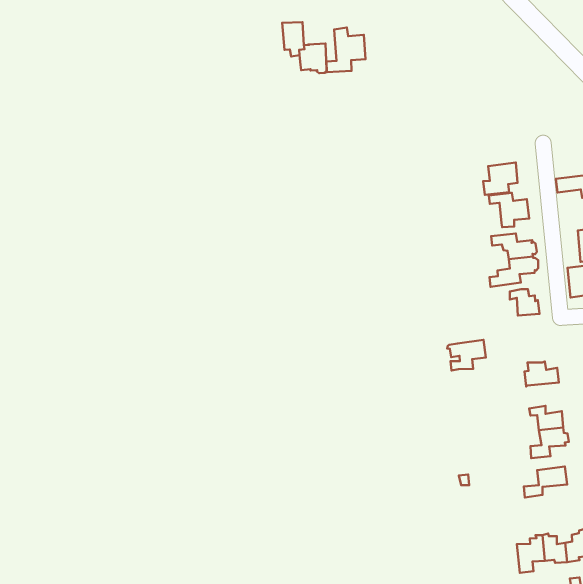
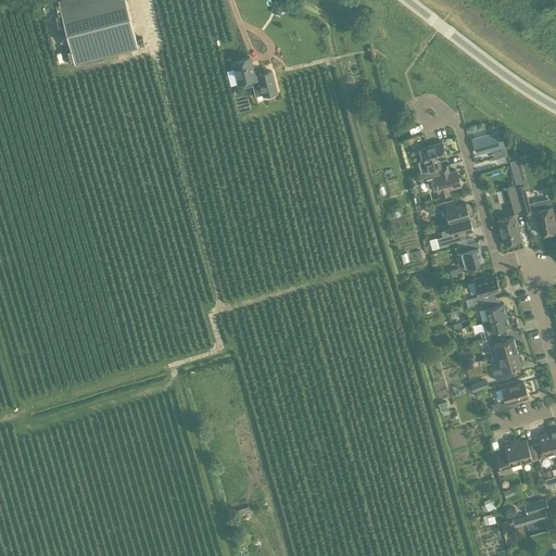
building: [326,28,366,72] -> none
building: [447,340,486,371] -> [466,276,498,305]
building: none -> [478,315,510,341]

